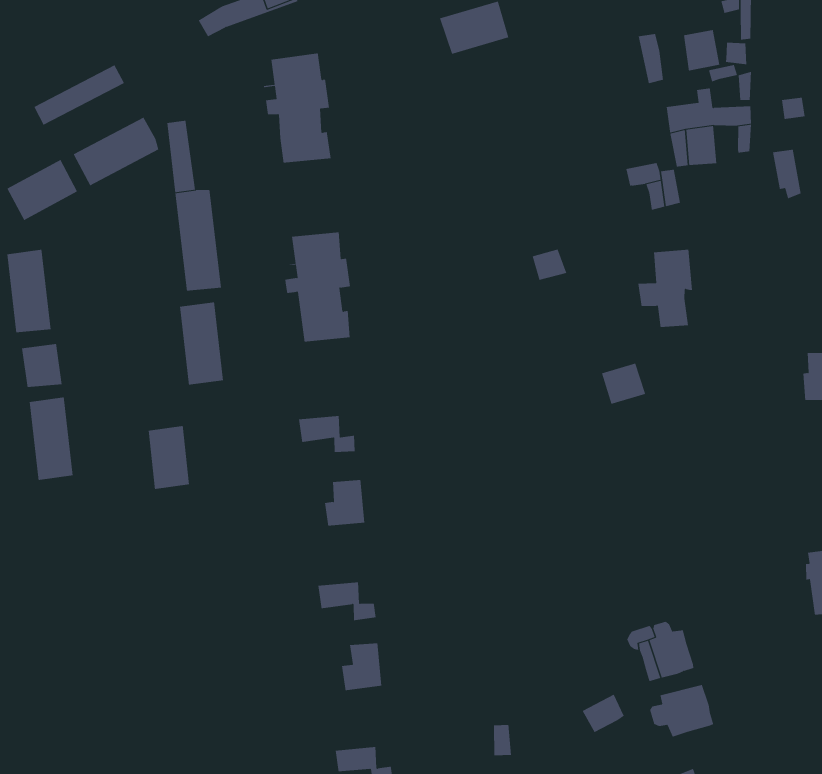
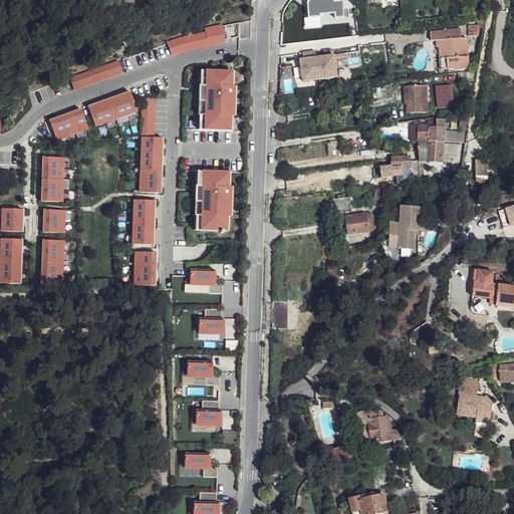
building: [601,363,646,404] -> [346,212,369,233]
building: [148,426,190,490] -> [136,251,157,284]
building: [649,684,714,737] -> none

